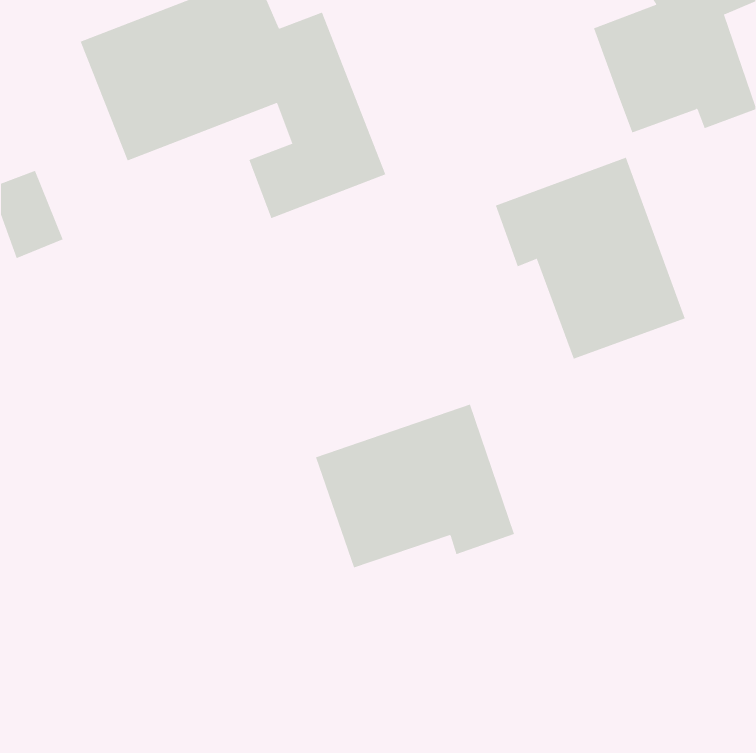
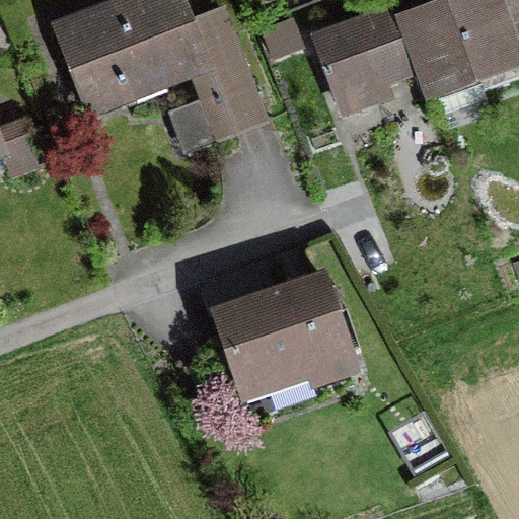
building: none -> [317,5,423,108]
building: [495,157,686,359] -> none

